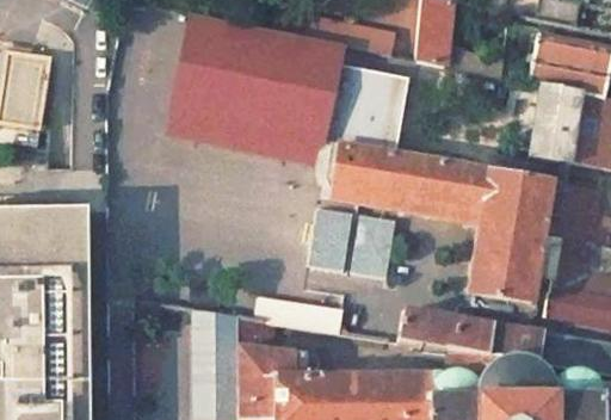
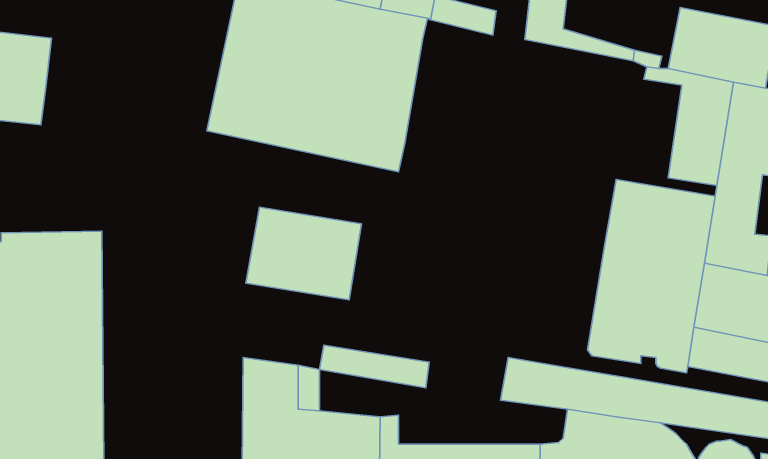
building: [322,57,402,205] -> none
building: [387,148,488,222] -> none
building: [303,206,394,279] -> [246,207,361,300]

